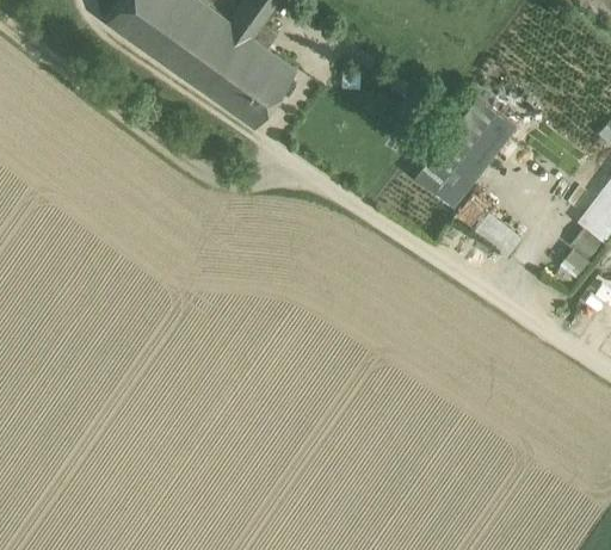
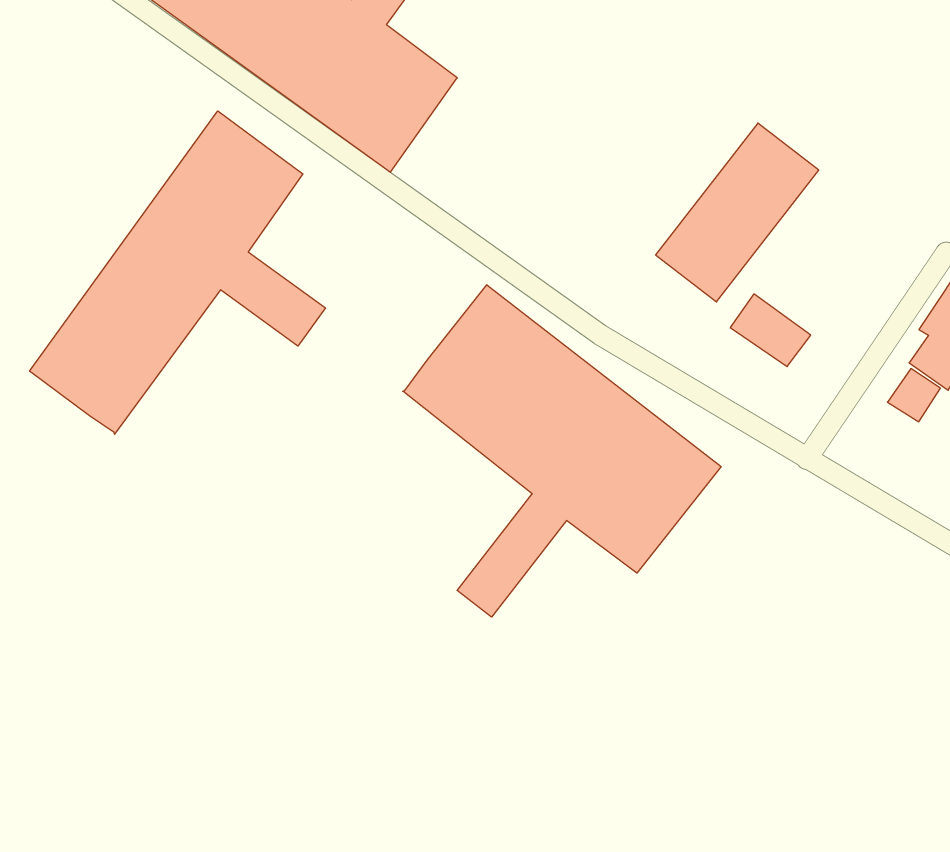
building: none -> [30,111,325,434]
building: none -> [403,285,721,617]

